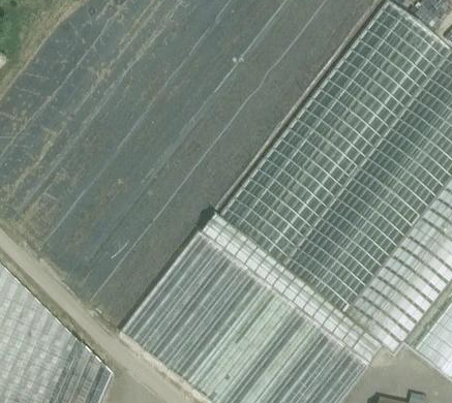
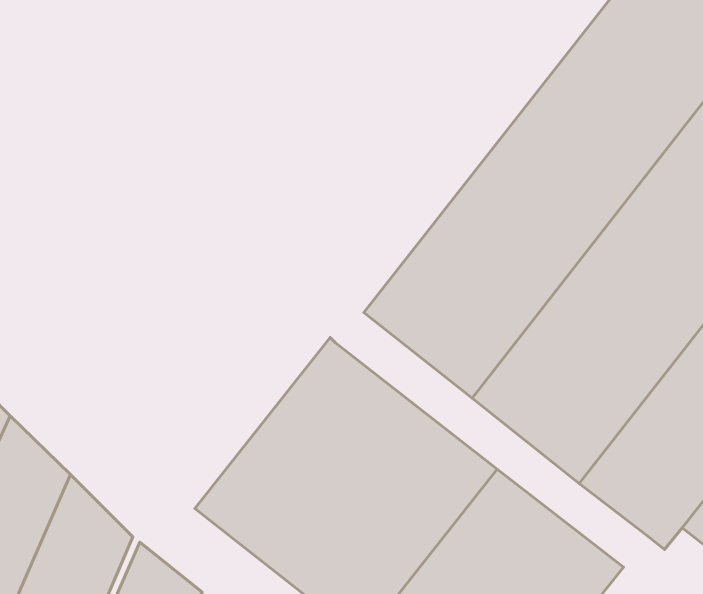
building: [202,215,383,364] -> none

